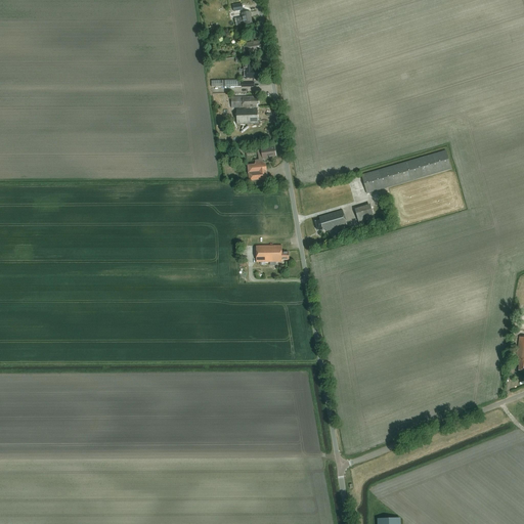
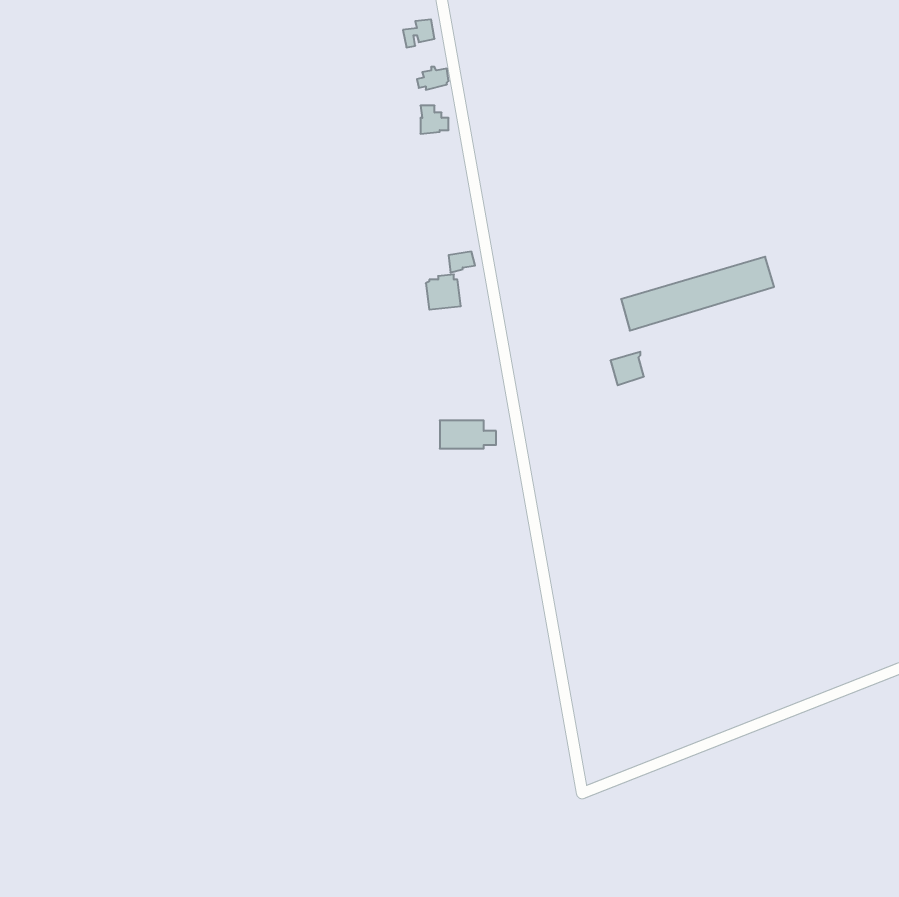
building: [227,95,259,123] -> none
building: [315,210,347,230] -> none

